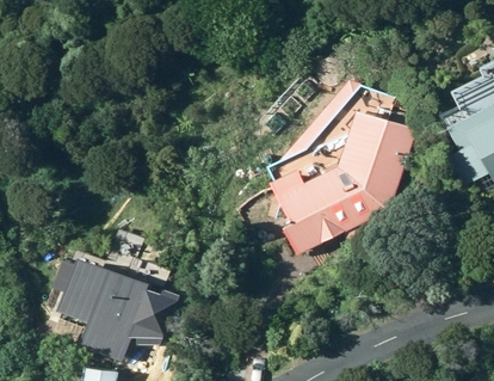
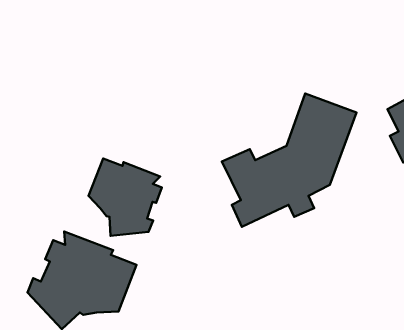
building: none -> [89,159,162,236]

